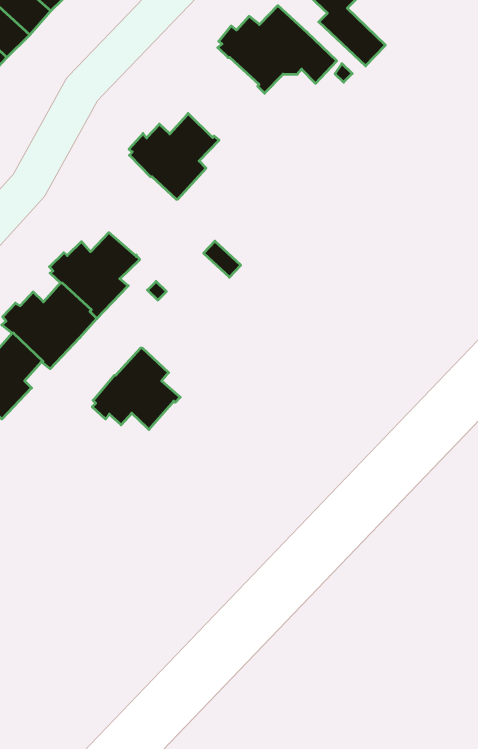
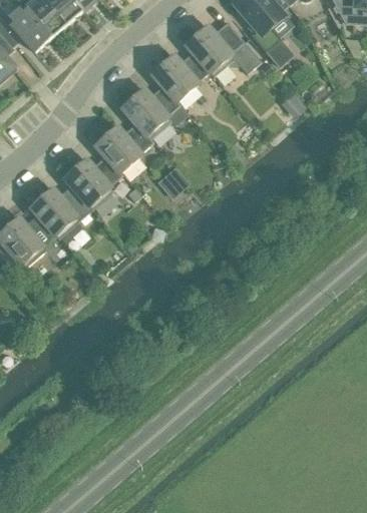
building: none -> [151,51,209,101]
building: none -> [94,122,152,172]
building: [92,348,180,430] -> none

